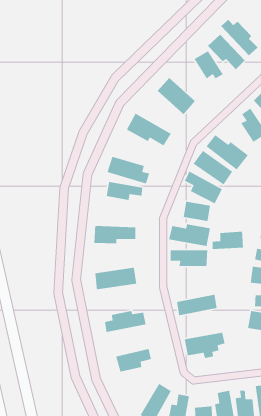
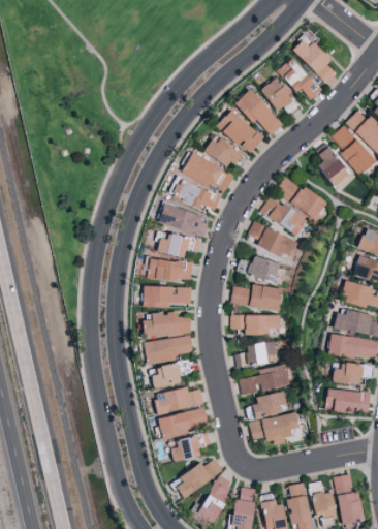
building: none -> [234,89,285,135]
building: none -> [203,133,242,168]
building: none -> [172,179,222,210]
building: none -> [150,258,194,281]
building: [212,231,244,250] -> [238,341,276,364]
building: none -> [143,311,192,337]
building: none -> [150,362,183,388]
building: none -> [247,390,287,421]
building: none -> [159,409,210,435]
building: none -> [176,458,225,496]

